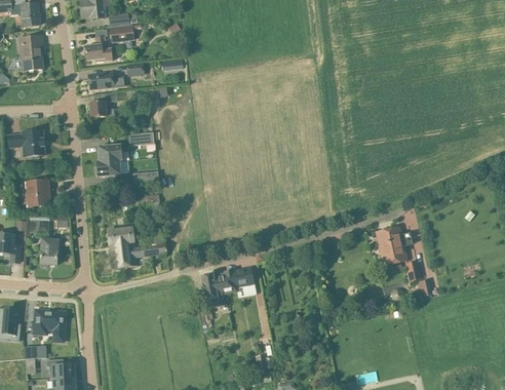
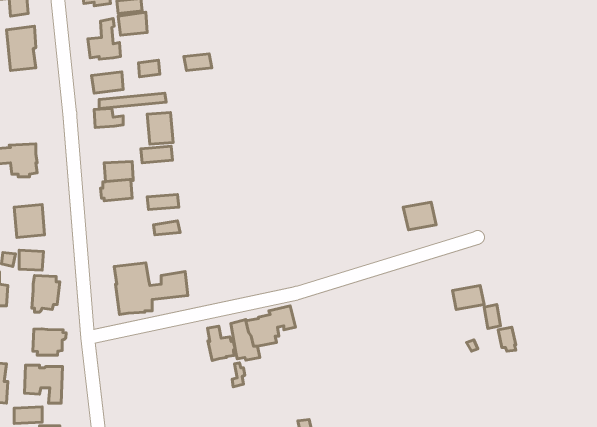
building: none -> [147,112,173,144]
building: [377,227,403,249] -> [403,202,436,230]
building: none -> [207,326,235,360]
building: none -> [33,329,66,355]

